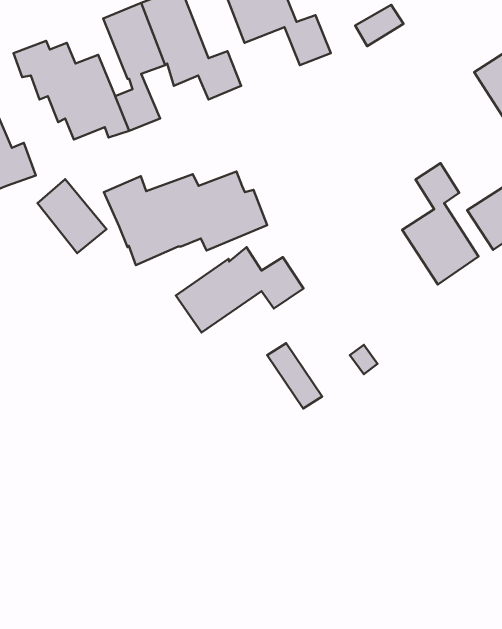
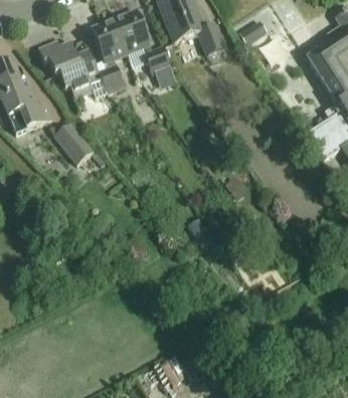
building: [402,163,479,284] -> none
building: [104,171,267,265] -> none
building: [176,247,303,333] -> none

